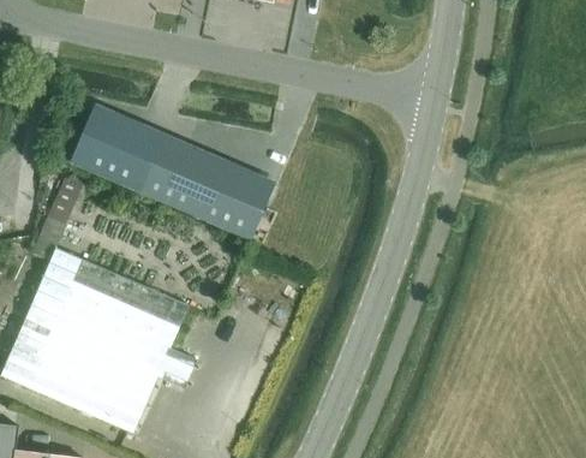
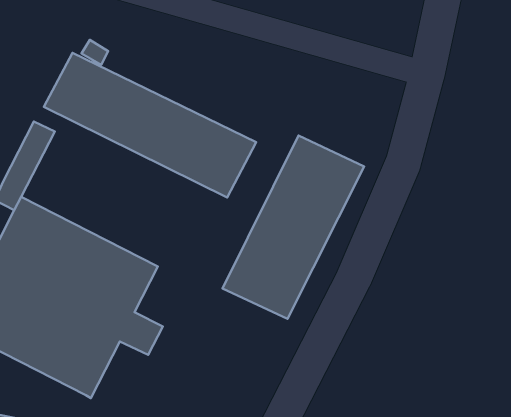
building: none -> [223,135,364,319]

